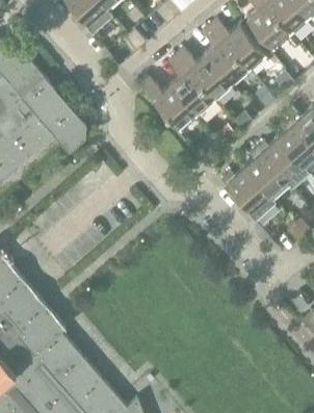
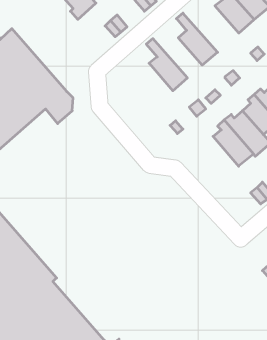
building: [210,19,267,71] -> none
building: [176,49,232,100] -> none
building: [141,78,199,130] -> none
building: [223,166,277,222] -> none

